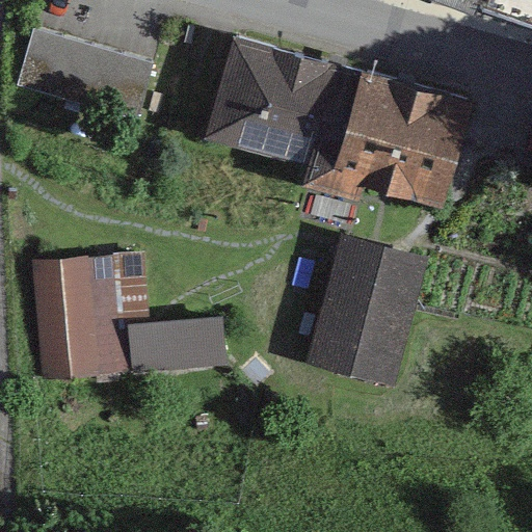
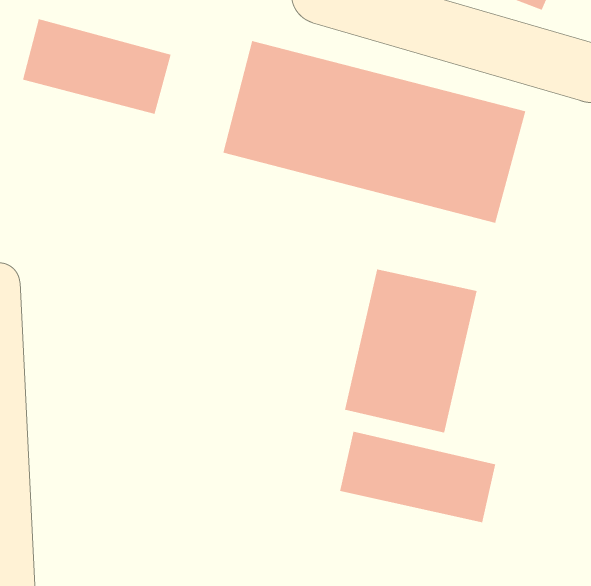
building: [34,256,224,380] -> none
building: none -> [339,431,496,523]

